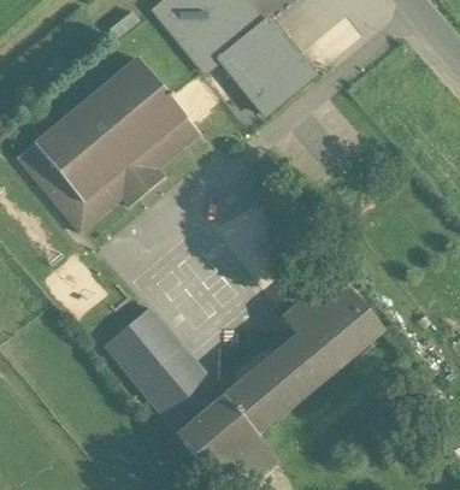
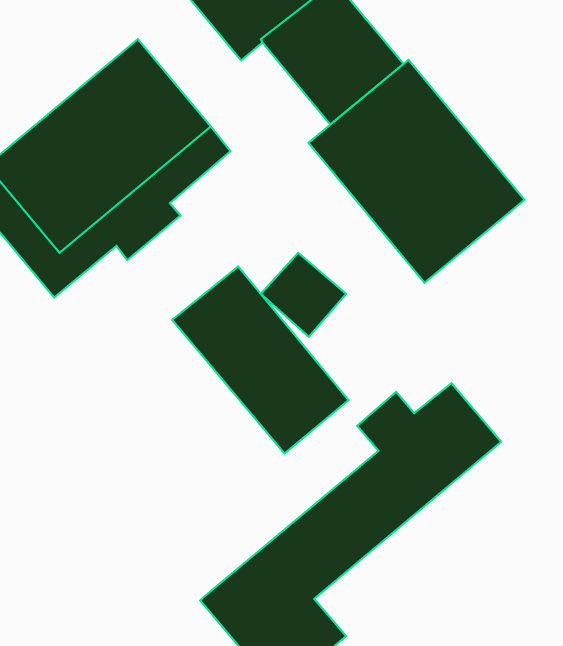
building: none -> [308,60,524,283]
building: [104,308,223,435] -> [172,266,349,454]

